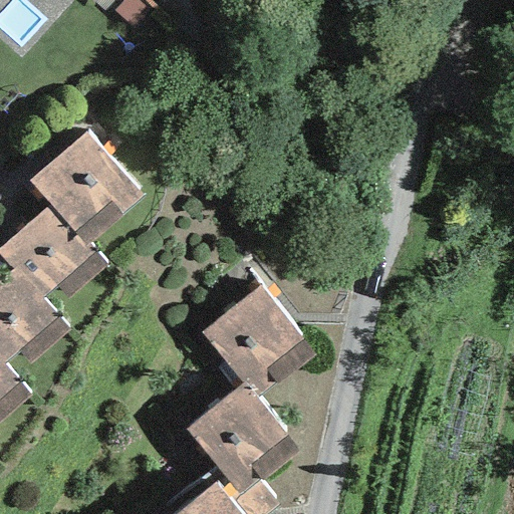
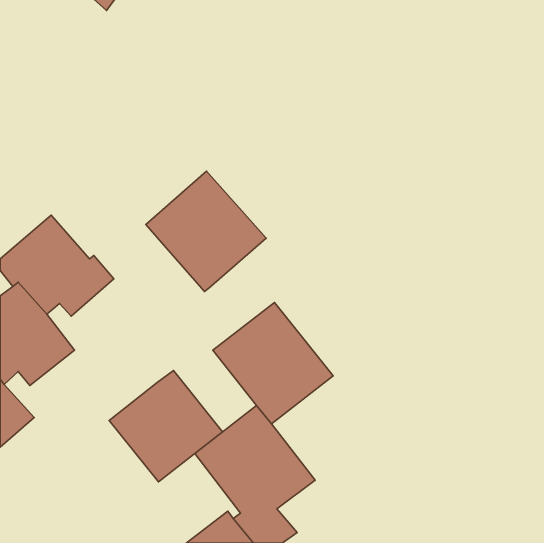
building: [29,131,143,244] -> [146,171,266,291]
building: none -> [109,370,223,482]

